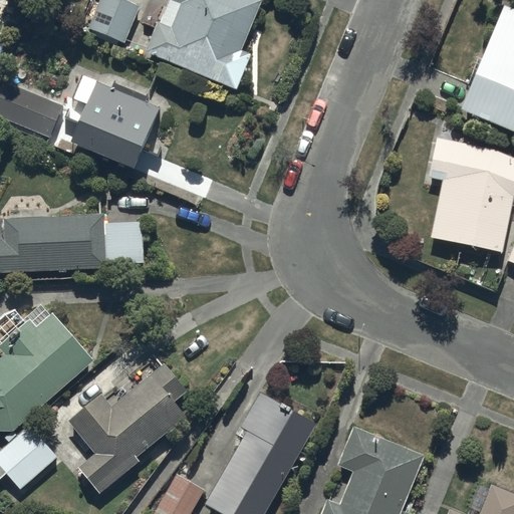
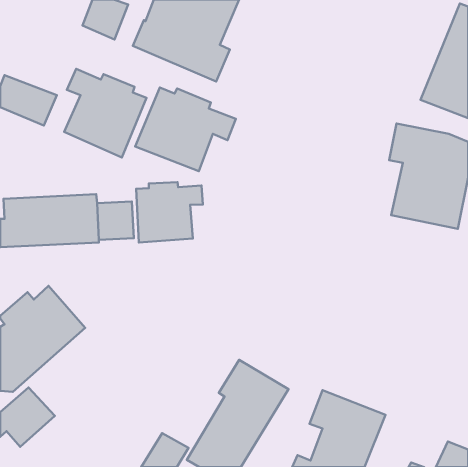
building: none -> [135,87,236,171]
building: none -> [136,182,203,242]
building: [68,362,188,494] -> none

